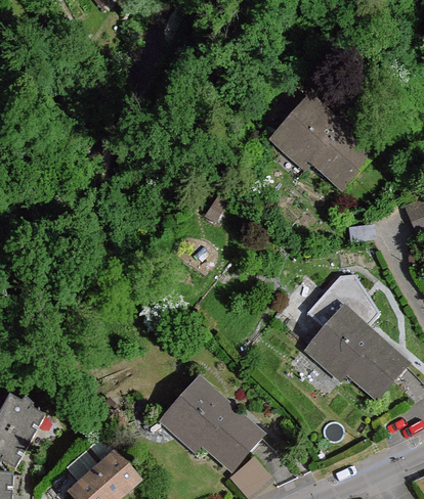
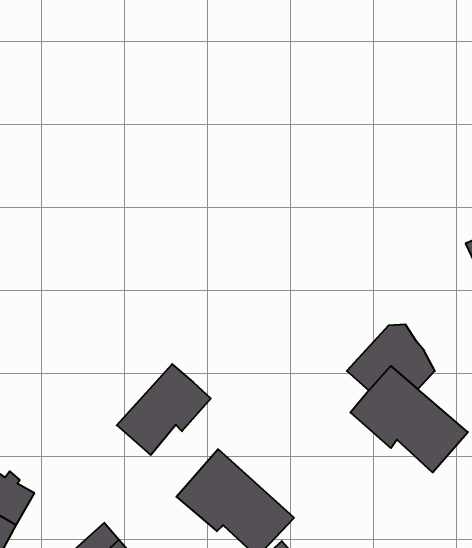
building: [273,97,372,187] -> none
building: none -> [117,364,211,455]

